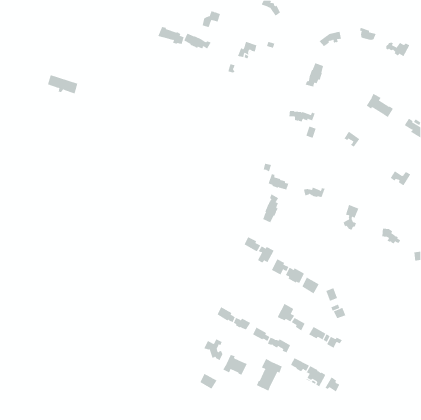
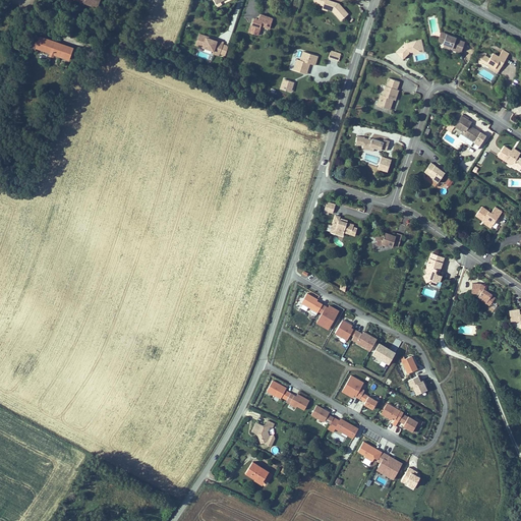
building: [184,33,211,49] -> none
building: [47,74,78,94] -> [39,38,77,62]
building: [262,194,279,223] -> none
building: [223,354,247,376] -> none
building: [256,358,282,391] -> none

